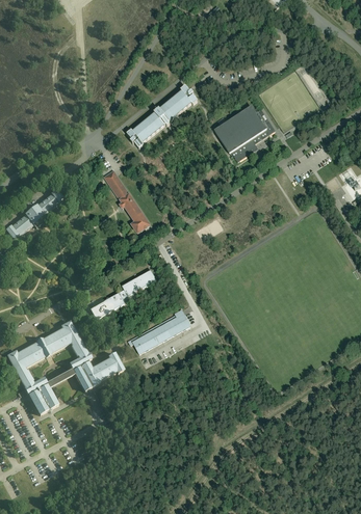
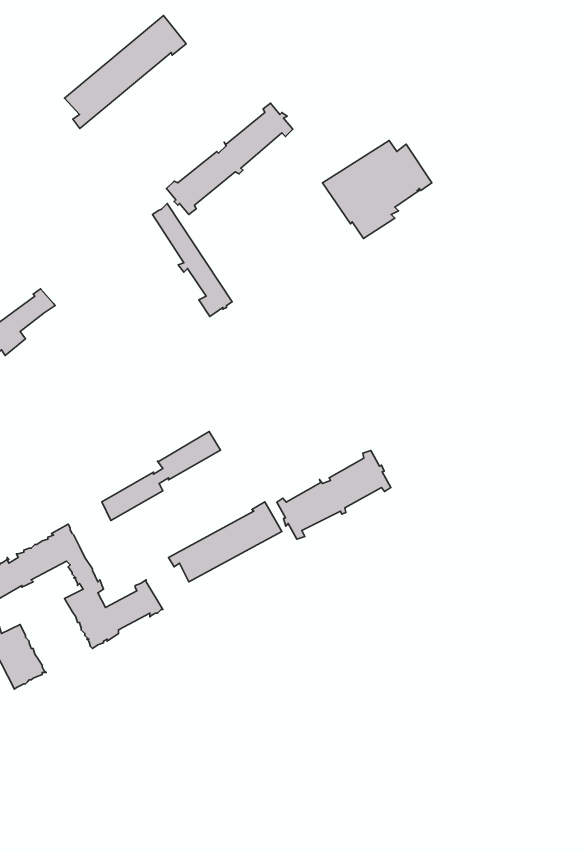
building: none -> [65,16,186,129]
building: [104,169,149,233] -> [152,203,232,317]
building: none -> [277,450,391,539]

